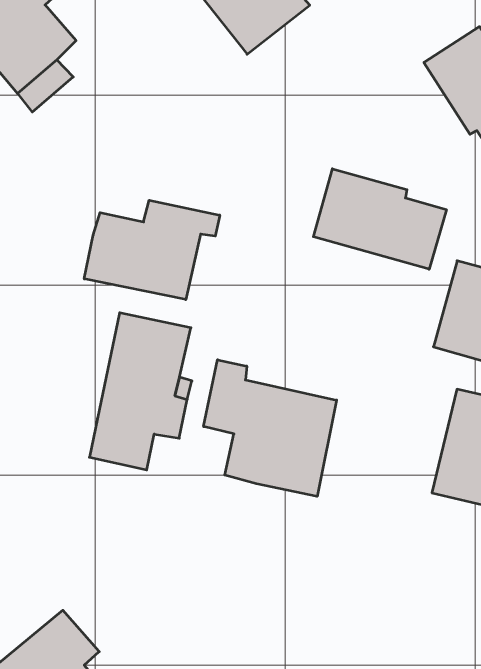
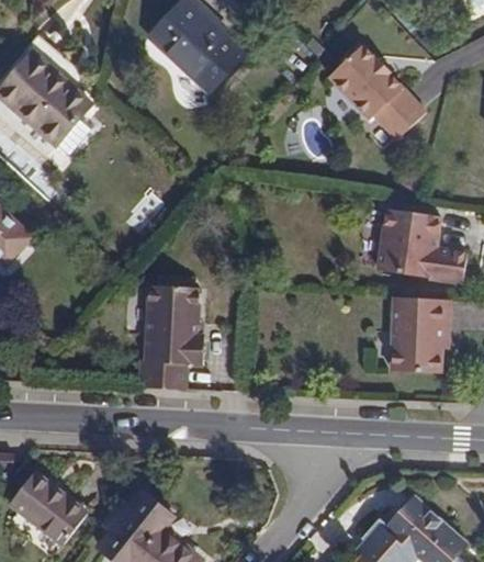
building: [313,169,446,269] -> none
building: [84,200,220,300] -> none
building: [204,360,337,496] -> none

